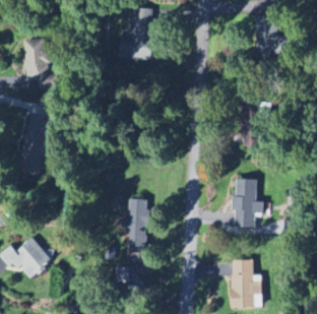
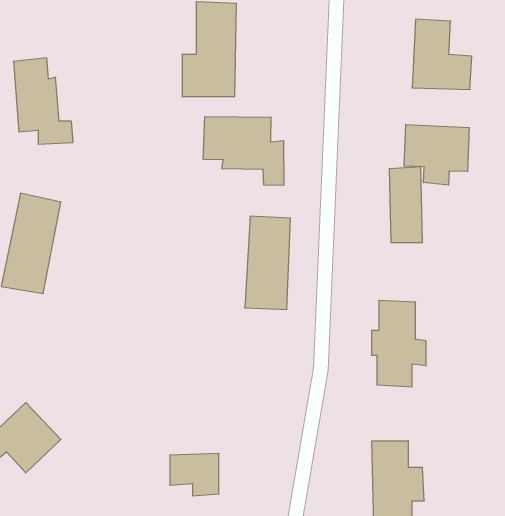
building: none -> [203,117,284,185]
building: none -> [404,124,469,185]
building: [122,198,148,252] -> [245,216,290,309]

